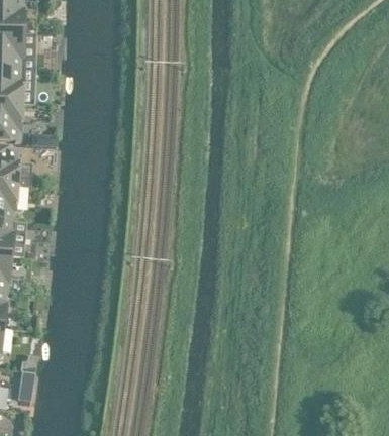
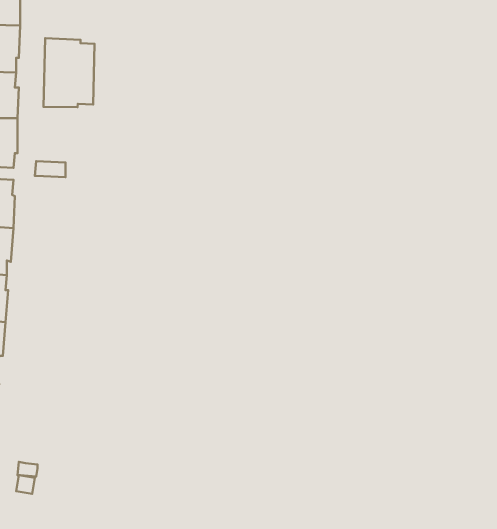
building: none -> [44,38,95,107]

